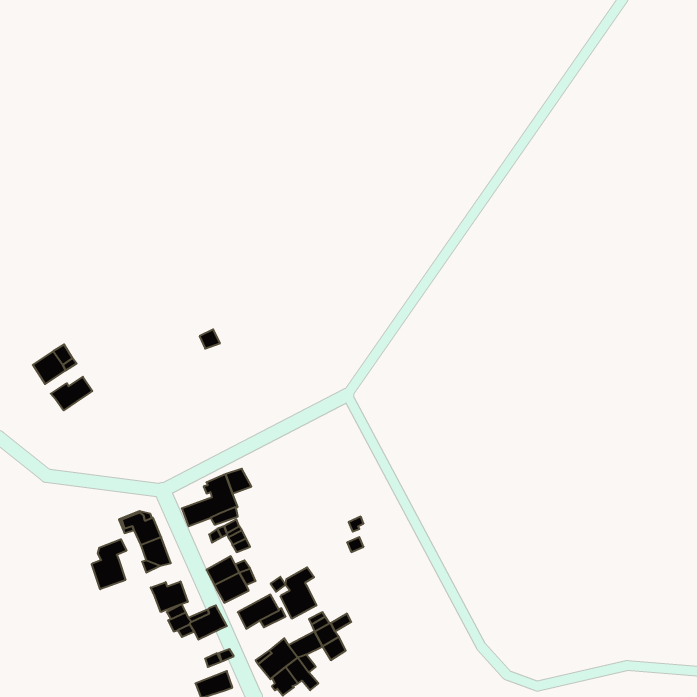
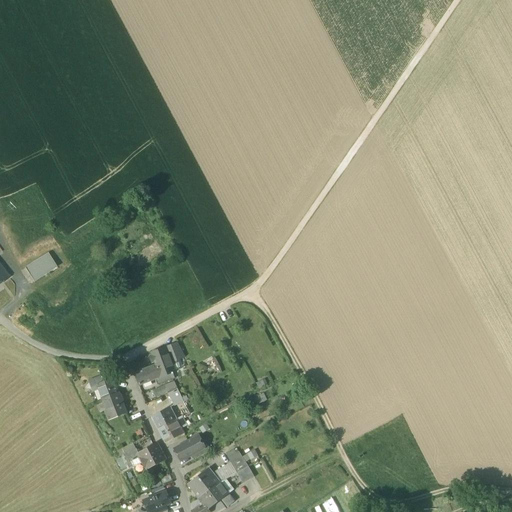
building: [51,377,92,410] -> none
building: [92,539,126,589] -> none
building: [280,567,316,619] -> none
building: [151,581,188,612] -> none

